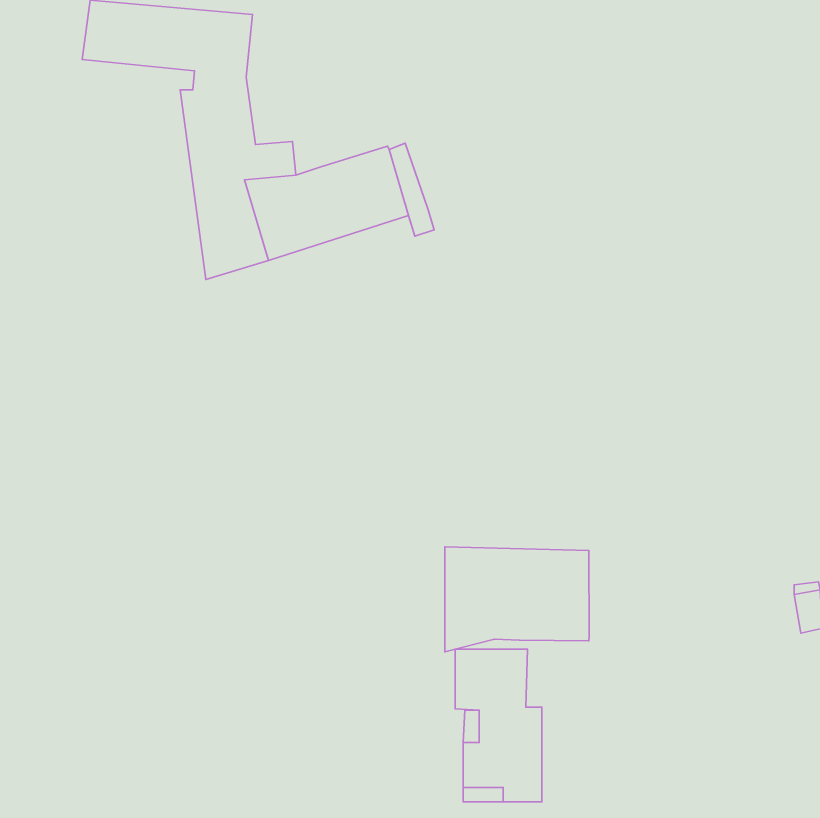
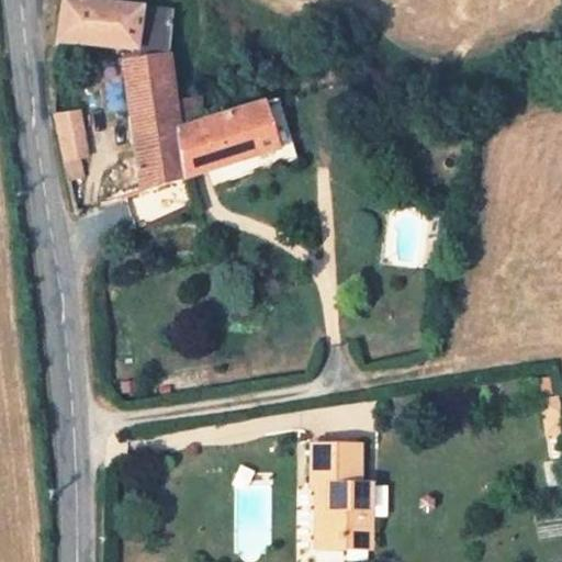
building: none -> [55,109,86,158]
building: [445,547,589,652] -> none

